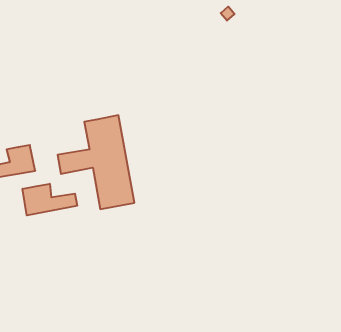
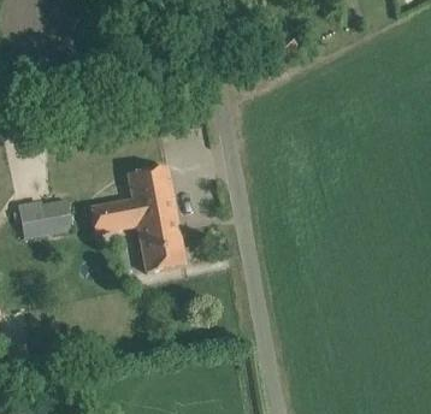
building: [23,184,77,215] -> none

